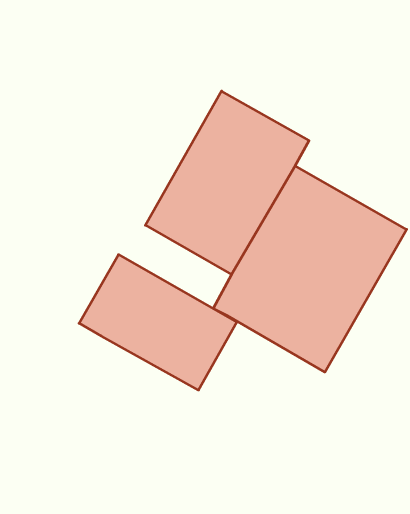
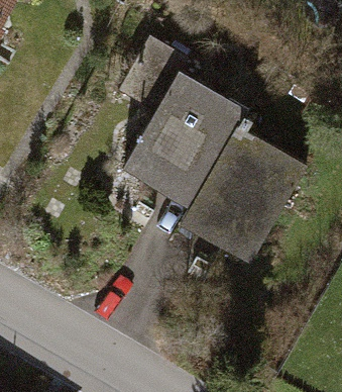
building: [79,255,237,390] -> none

